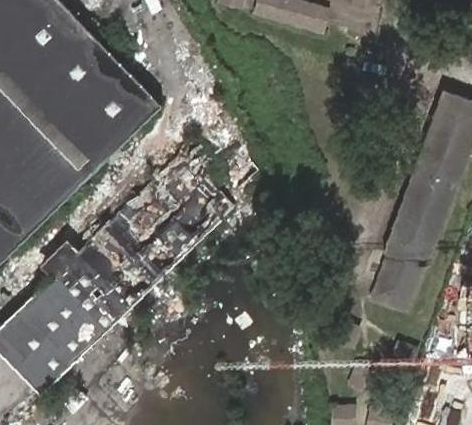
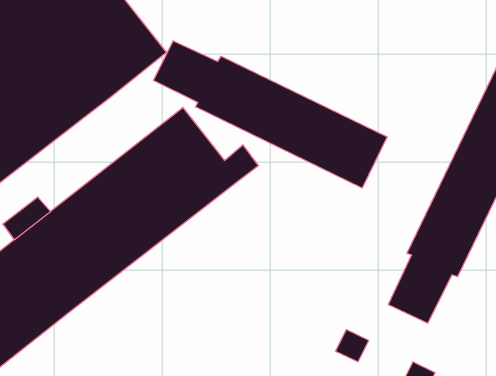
building: none -> [154,41,387,188]

